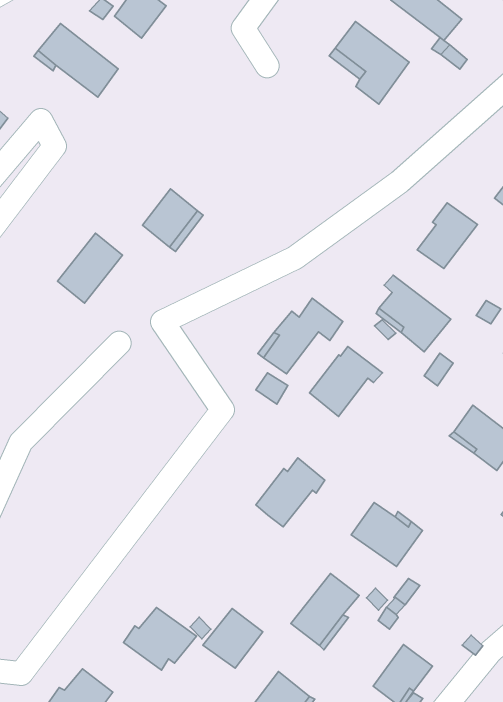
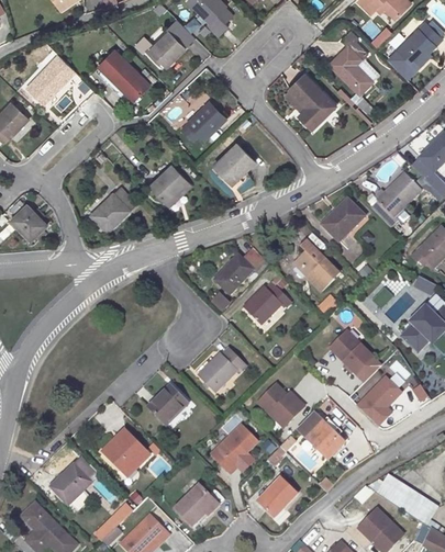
building: none -> [181,101,225,140]
building: none -> [214,143,254,183]
building: none -> [297,412,344,458]
building: [203,609,263,668] -> [147,385,187,424]

